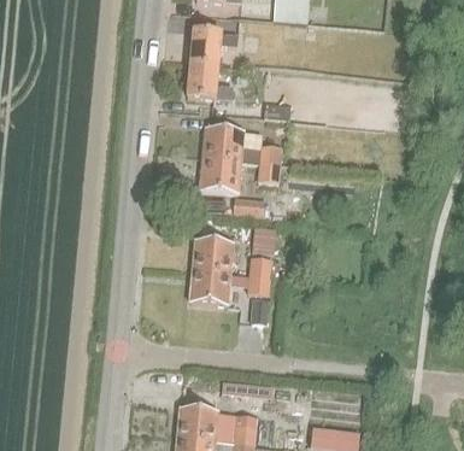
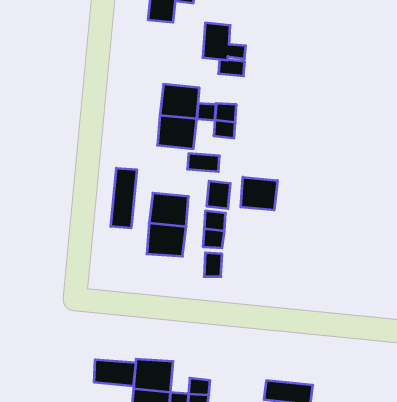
building: [189,63,233,100] -> [203,23,246,60]
building: none -> [111,168,137,228]
building: none -> [241,177,277,210]
building: none -> [94,360,136,386]

